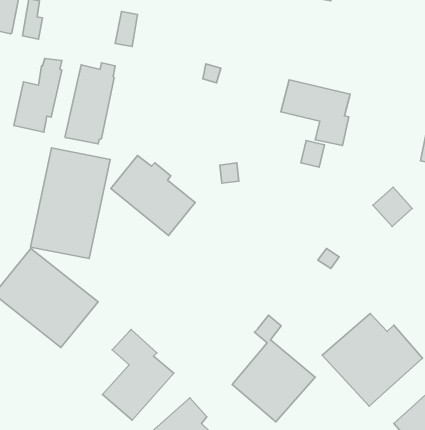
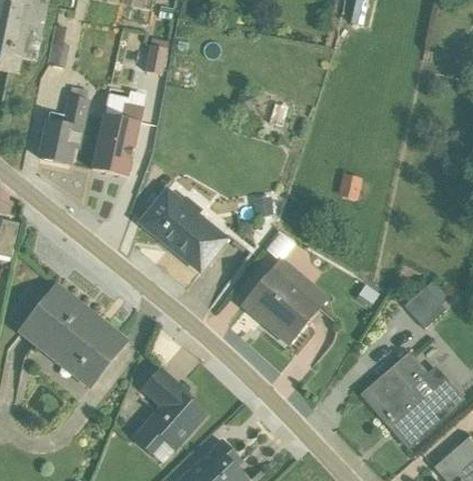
building: [281,80,350,145] -> none
building: [31,148,110,259] -> none
building: [373,187,412,227] -> [404,287,445,328]
building: [232,315,315,422] -> [242,232,329,343]

